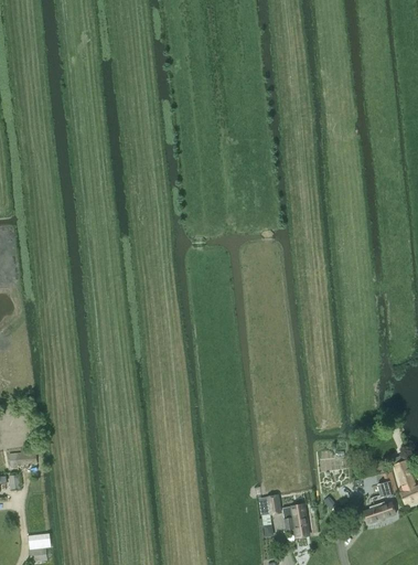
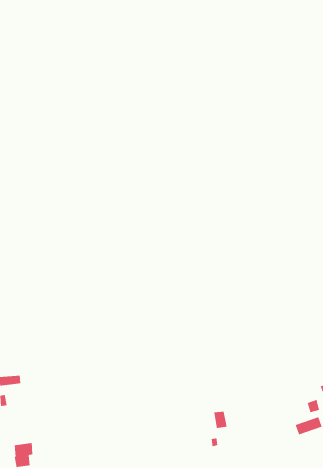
building: [282,504,308,537] -> none

